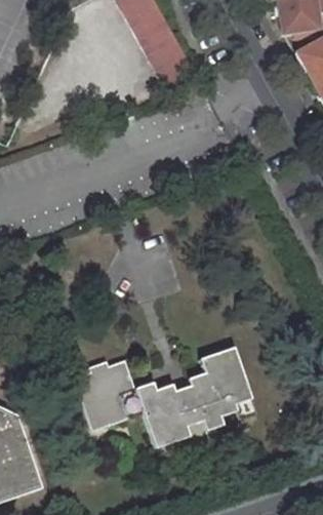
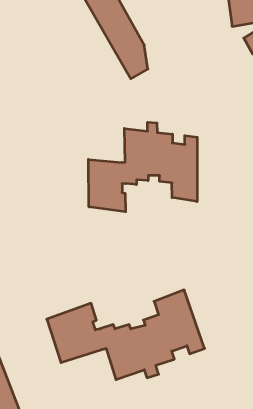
building: none -> [88,122,197,212]

